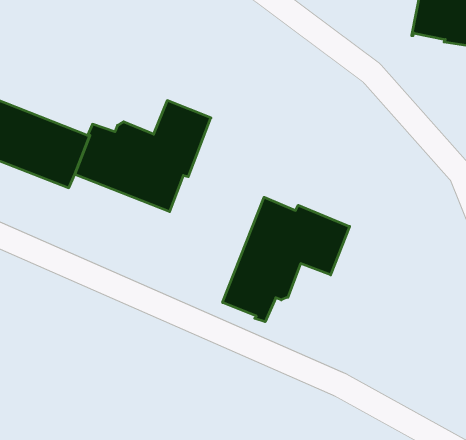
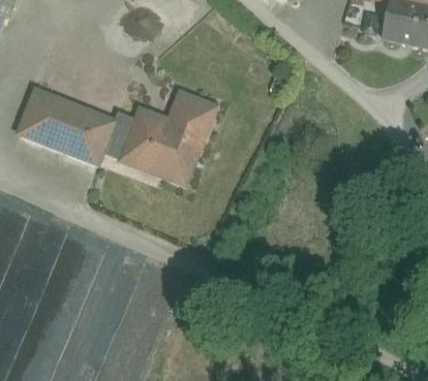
building: [223,197,350,322] -> none

